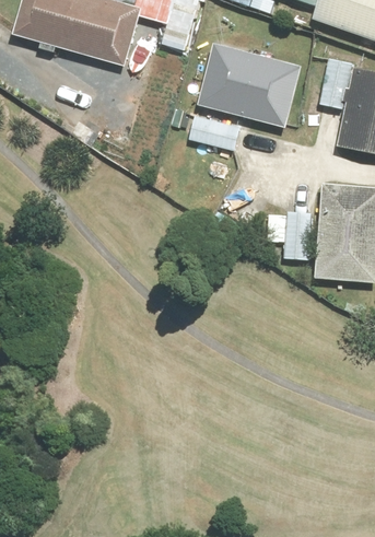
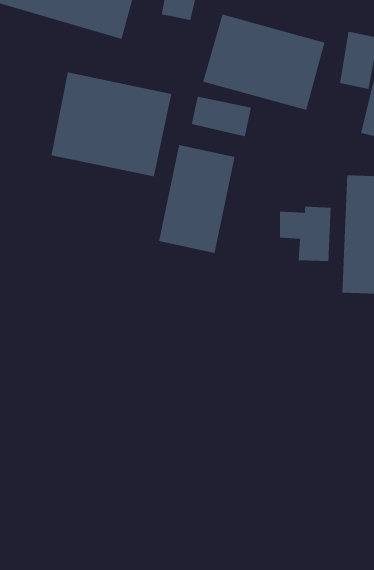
building: none -> [51,72,172,177]
building: none -> [158,144,235,254]

